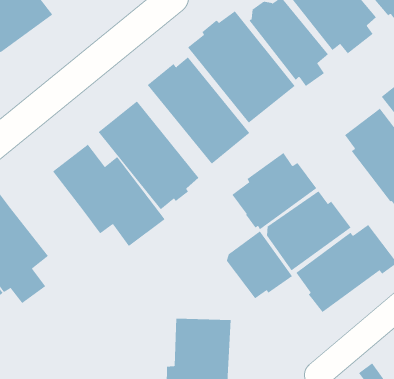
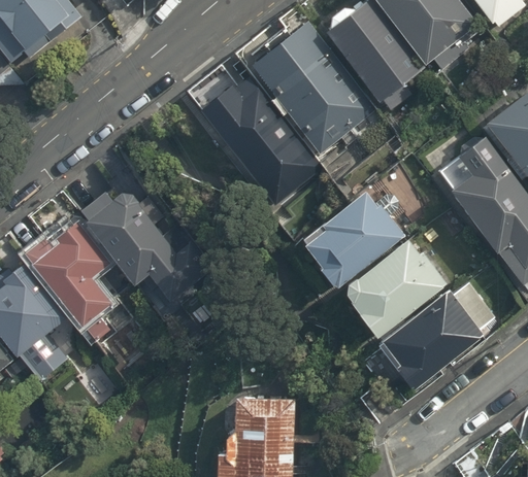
building: [98,101,199,210] -> none
building: none -> [26,186,126,342]
building: [226,231,293,299] -> none

